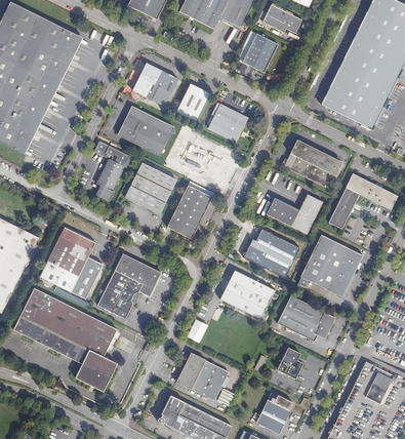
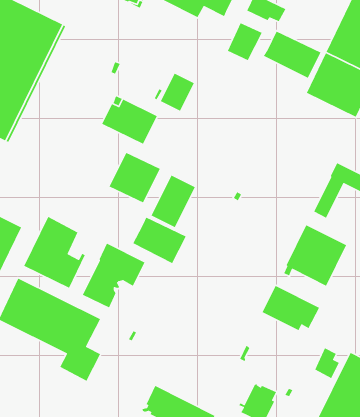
building: [131,62,177,106] -> none
building: [207,104,247,143] -> none
building: [283,139,341,188] -> [263,30,322,79]
building: [95,146,130,200] -> none
building: [266,194,322,234] -> none
building: [244,229,299,277] -> none
building: [220,270,275,317] -> [132,217,187,264]
building: [276,346,301,377] -> [314,347,340,379]
building: [175,352,228,399] -> none

